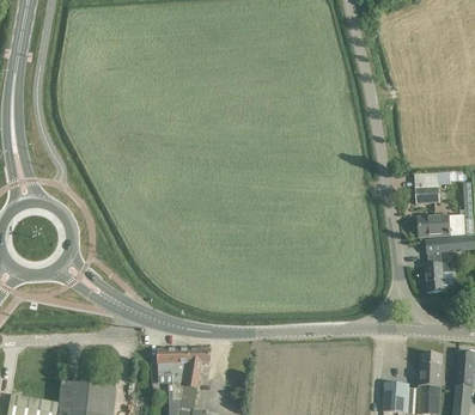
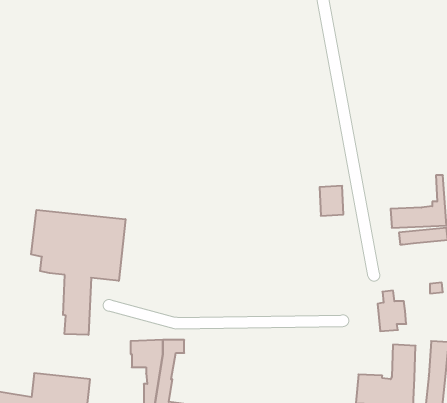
building: [415,172,439,202] -> [320,186,343,216]
building: none -> [31,210,125,335]
building: [425,250,453,291] -> [378,291,406,331]

